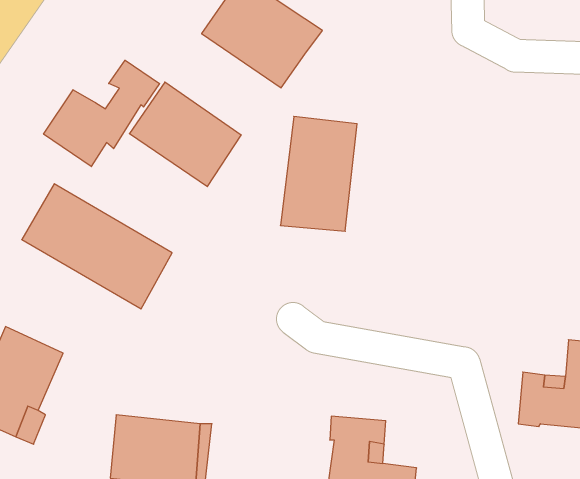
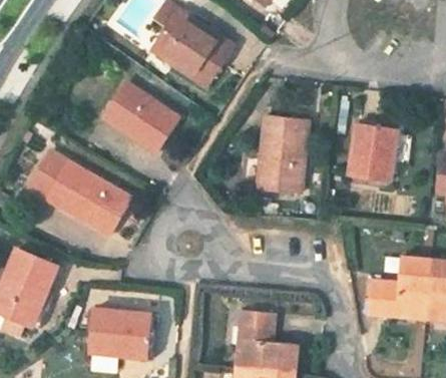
building: [44,60,160,167] -> none
building: [280,116,357,231] -> [256,114,308,193]
building: none -> [348,121,397,181]

